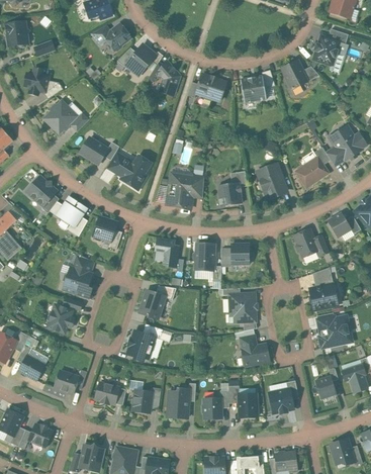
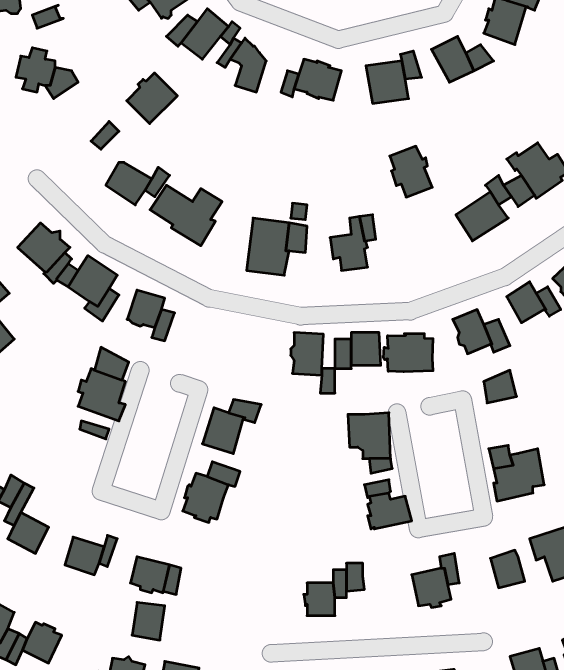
building: [44,101,76,132] -> [127,73,177,124]
building: [259,166,285,197] -> [390,146,432,197]
building: [155,238,179,268] -> none
building: none -> [384,334,433,372]
building: [309,283,338,309] -> none
building: [47,304,74,334] -> none
building: [168,389,189,417] -> none
building: [132,390,153,413] -> [132,602,165,640]
building: [239,394,257,417] -> none

